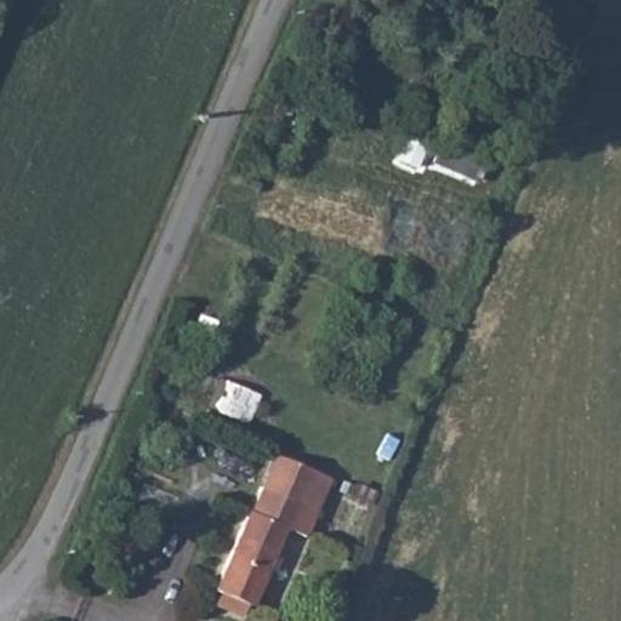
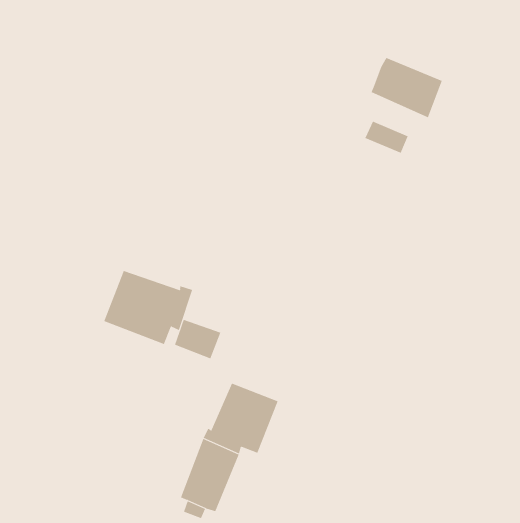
building: none -> [371,57,443,118]
building: none -> [104,270,193,345]

